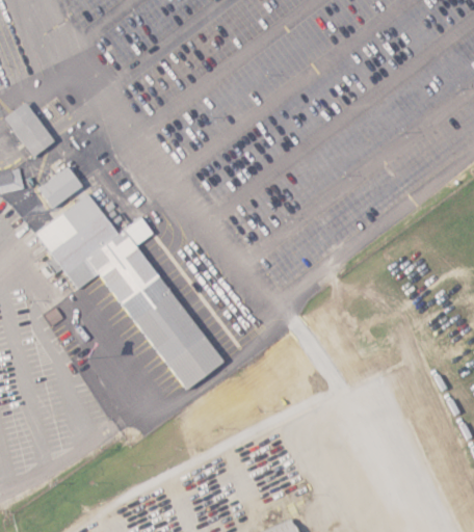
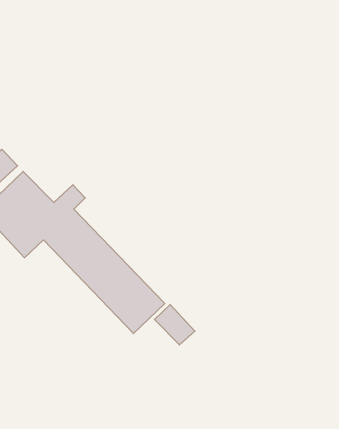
building: none -> [154,305,195,345]

